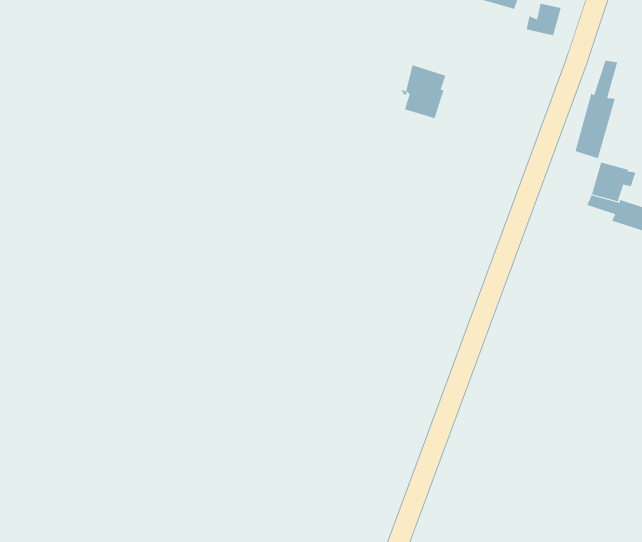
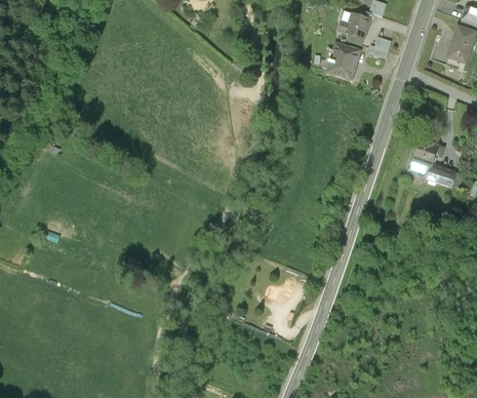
building: [575,60,618,159] -> none
building: [401,65,446,119] -> [327,45,357,81]

